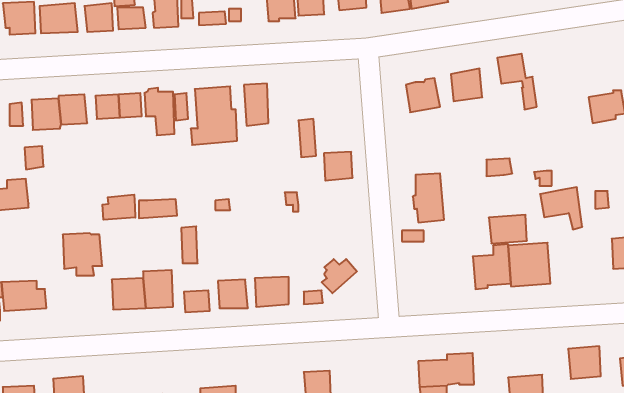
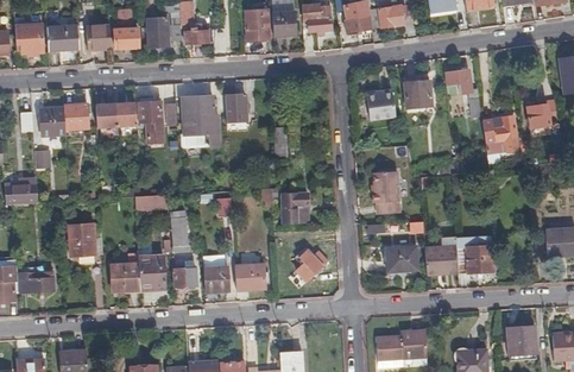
building: [324,152,353,181] -> [284,200,309,225]
building: [540,187,582,229] -> [482,118,519,155]
building: [102,195,135,220] -> none
building: [489,215,527,243] -> [385,247,418,272]

